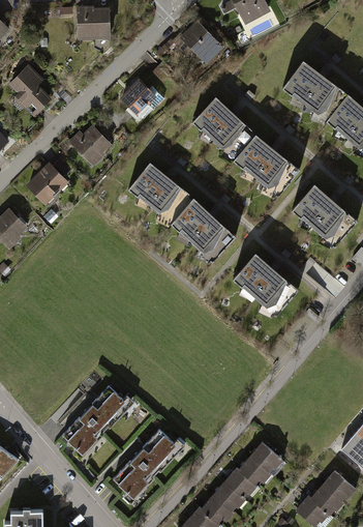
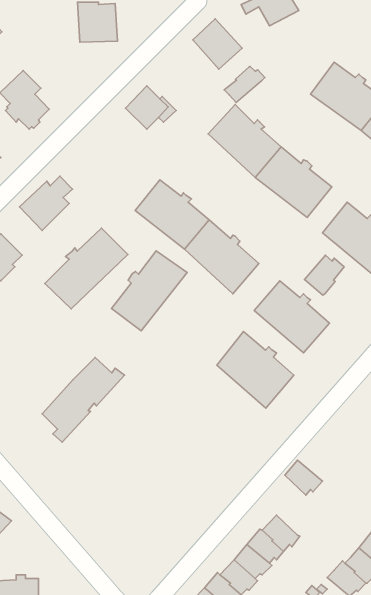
building: none -> [224,67,265,103]
building: [68,124,112,167] -> none
building: none -> [45,228,128,309]
building: none -> [111,251,187,331]
building: none -> [304,255,344,295]
building: none -> [217,331,294,408]
building: [62,386,134,461] -> [42,357,125,442]
building: [113,430,185,504] -> none
building: [250,442,283,473] -> [285,460,322,495]

